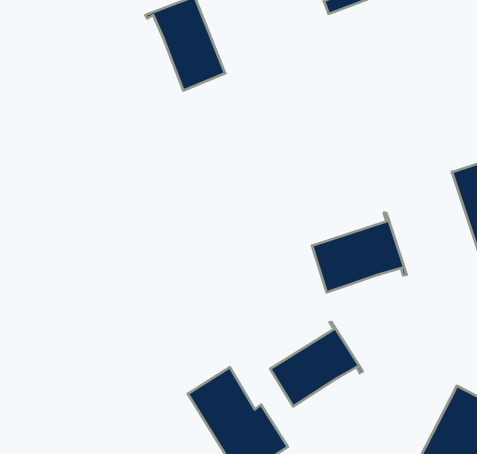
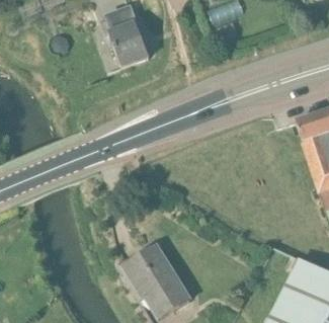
building: [312,213,407,292] -> none
building: [270,322,363,406] -> none

